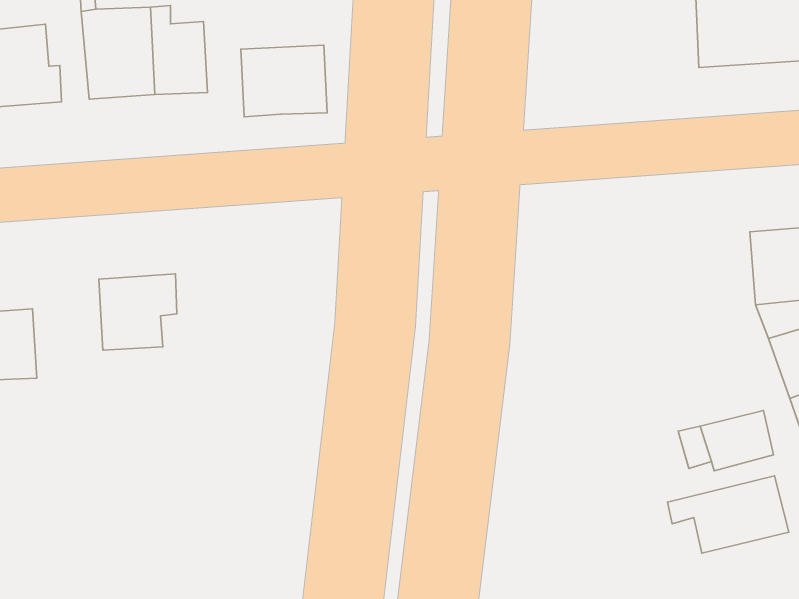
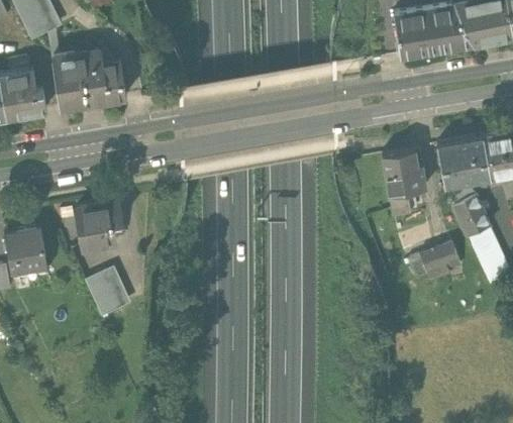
building: [241,45,327,117] -> none
building: none -> [382,148,425,215]
building: none -> [85,268,124,315]
building: [668,476,789,553] -> none

